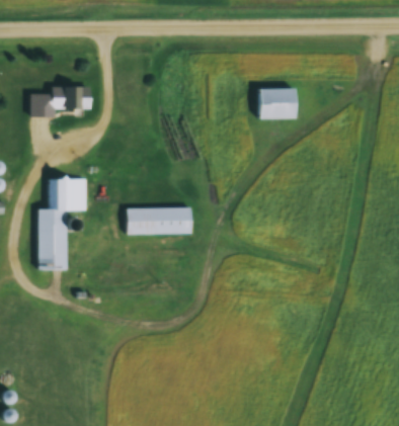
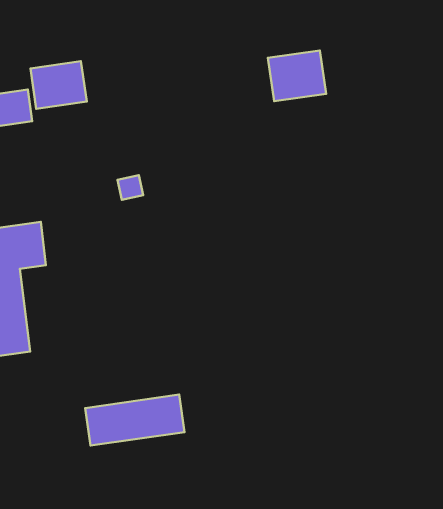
building: none -> [30,61,87,109]
building: [126,208,191,235] -> [85,395,185,446]

